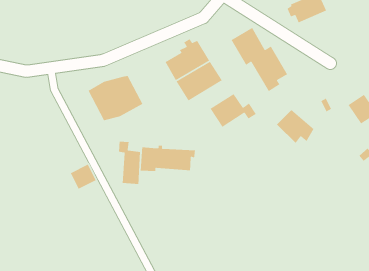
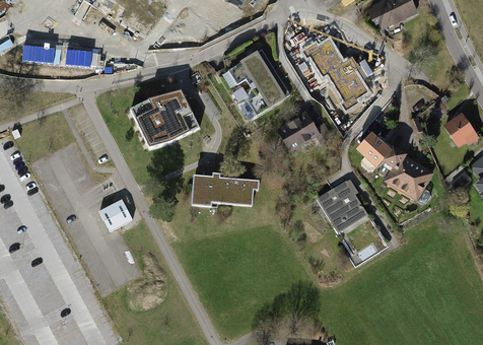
building: none -> [385,148,436,200]
building: [118,141,141,185] -> none
building: none -> [316,179,367,237]

